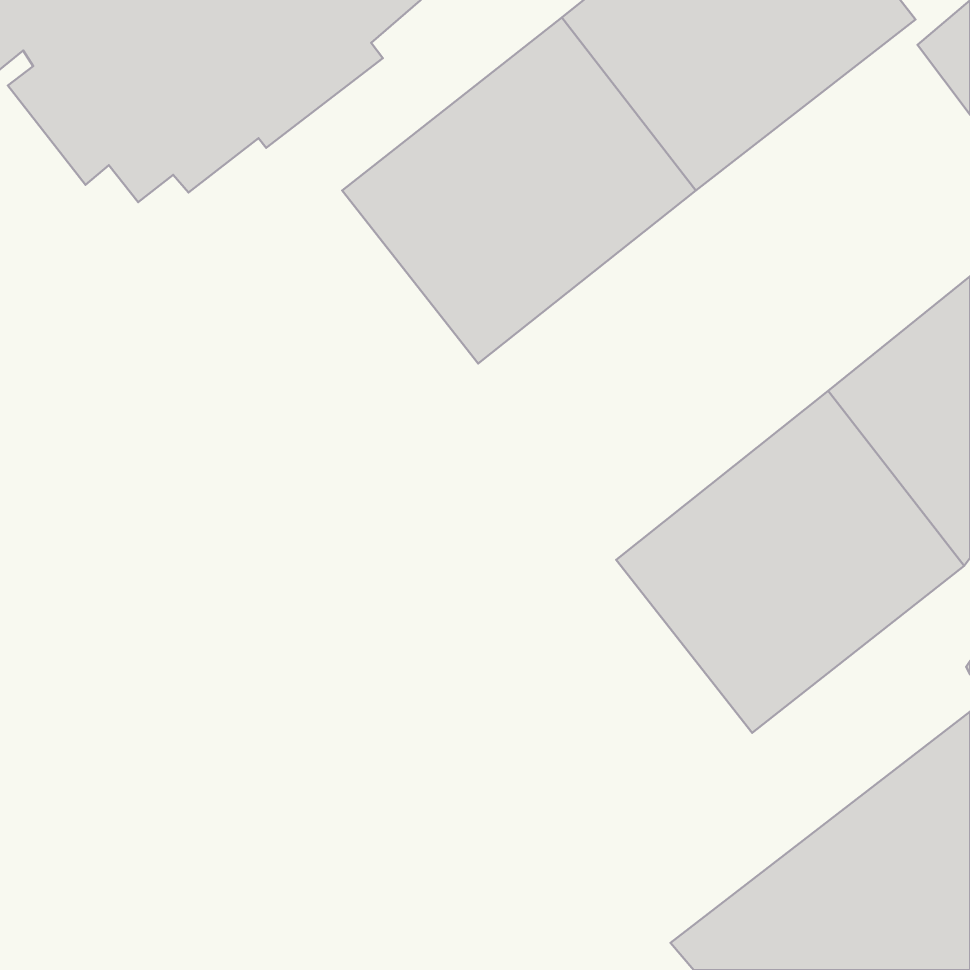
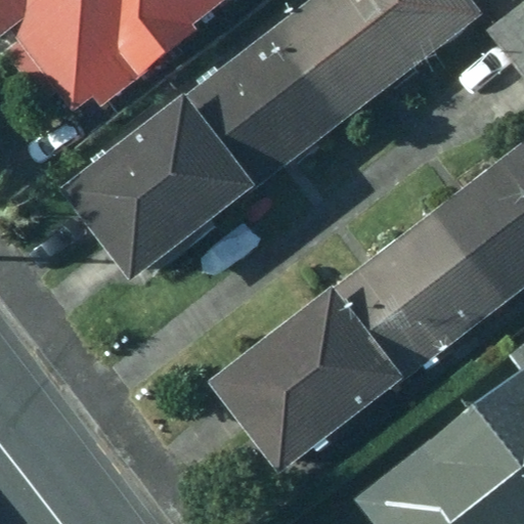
building: none -> [64,100,252,281]
building: none -> [212,295,396,474]

